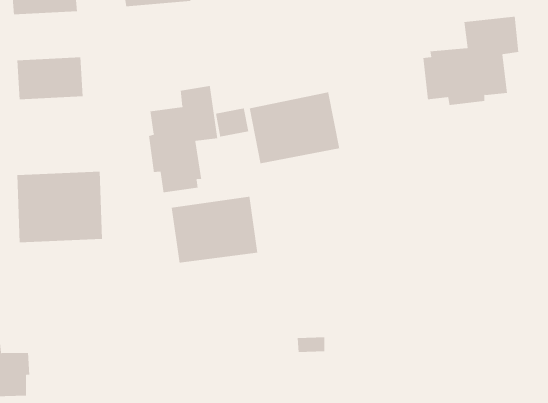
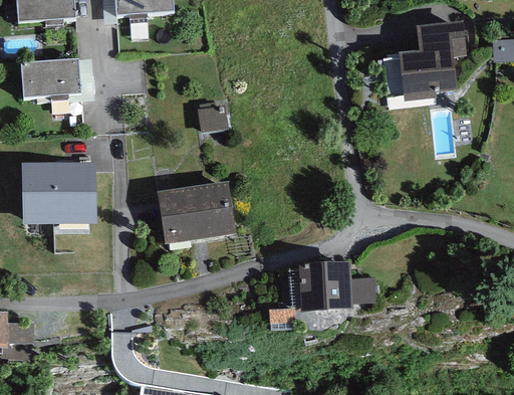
building: [149,85,218,193] -> none
building: [249,91,340,164] -> none
building: none -> [298,263,375,311]

